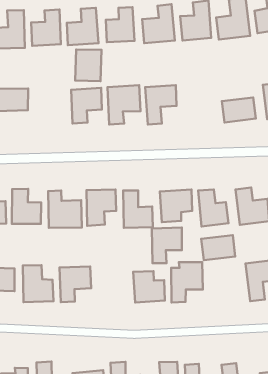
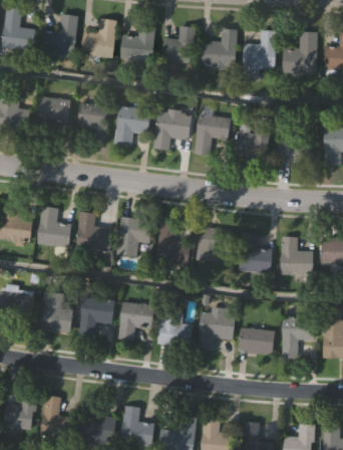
building: [75,49,101,81] -> [76,102,108,140]
building: none -> [236,117,270,160]
building: [152,228,182,263] -> [117,301,153,341]
building: [201,235,235,260] -> [239,328,273,352]

